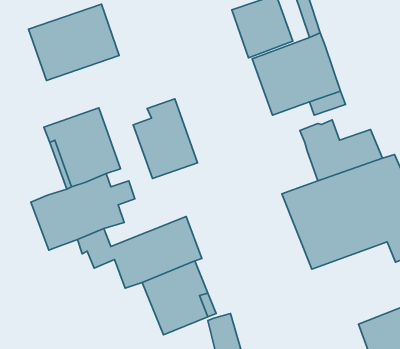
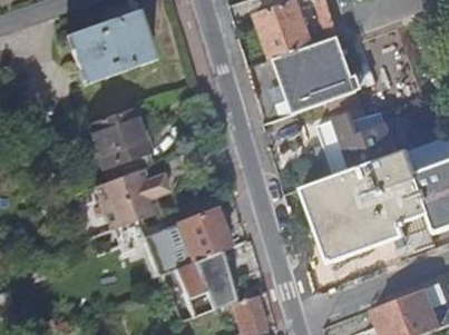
building: [133,99,197,179] -> none

